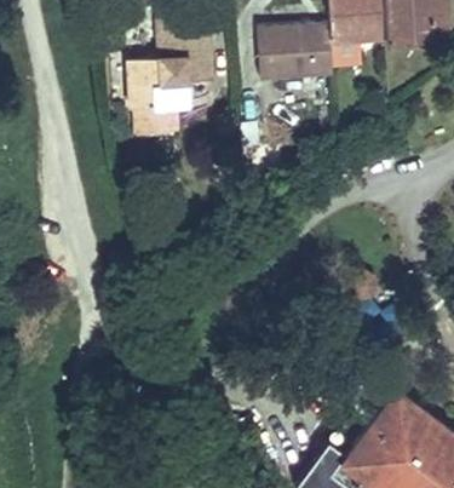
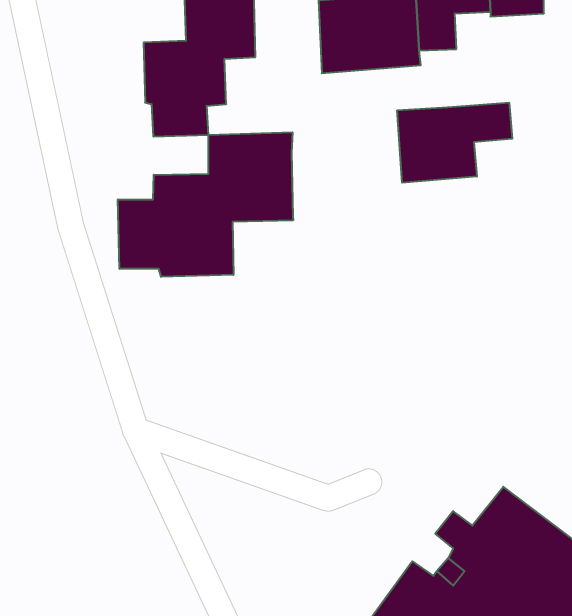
building: none -> [397,103,512,183]
building: none -> [118,132,293,277]

